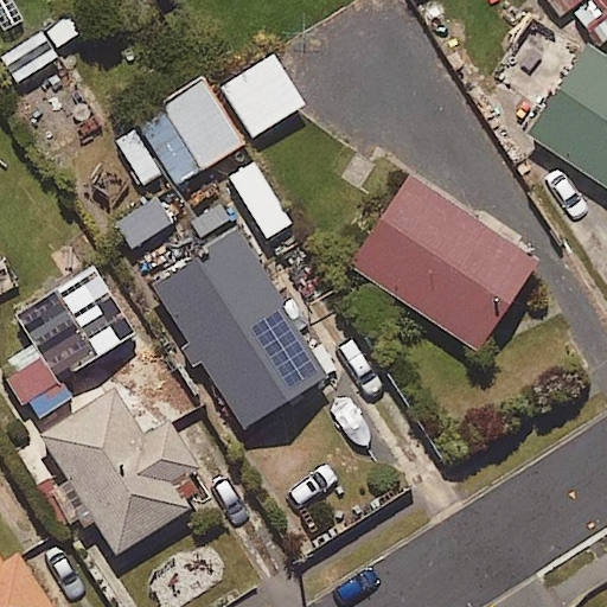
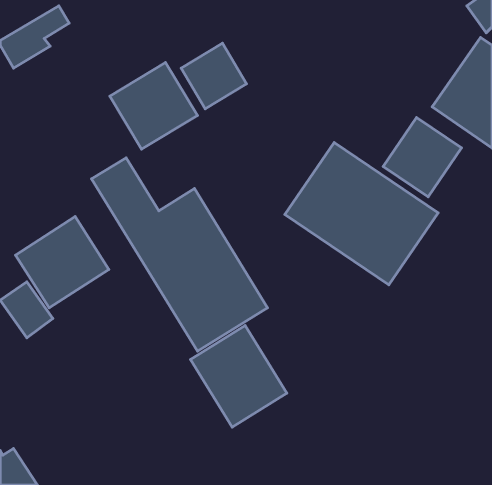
building: none -> [383,117,462,197]
building: [36,386,197,558] -> none
building: none -> [191,326,287,427]

